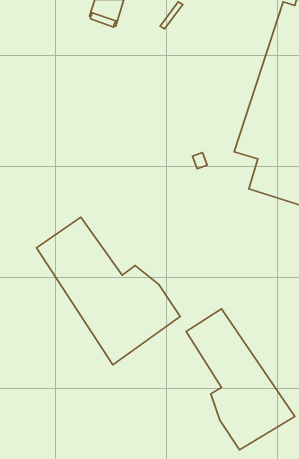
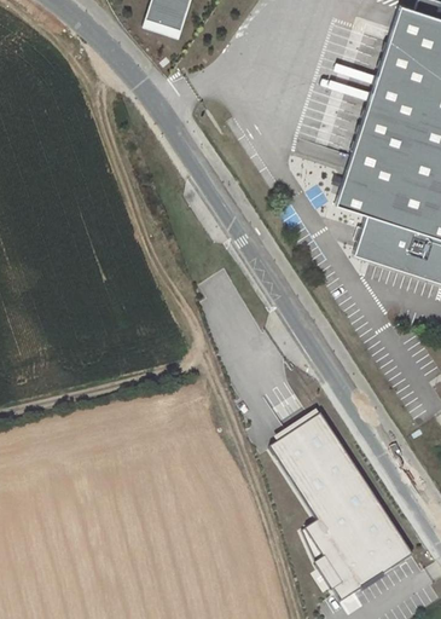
building: [36,217,180,365] -> none

